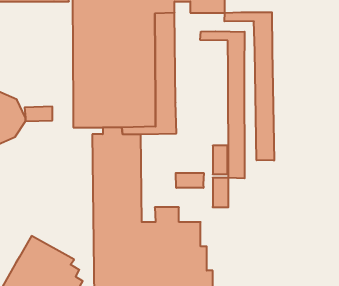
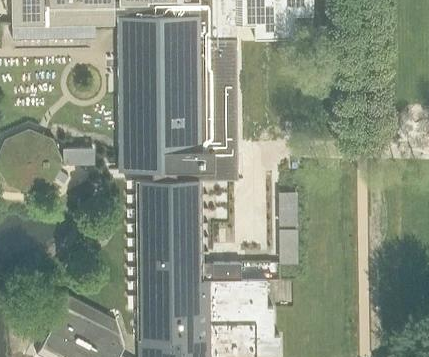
building: [224,12,274,161] -> none
building: [200,31,245,178] -> none
building: [176,173,204,188] -> none

